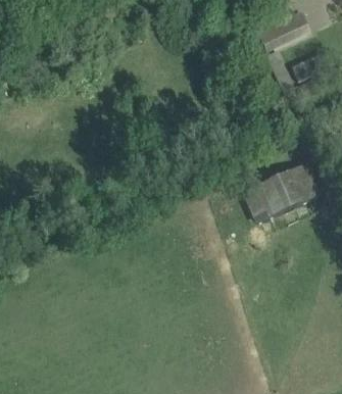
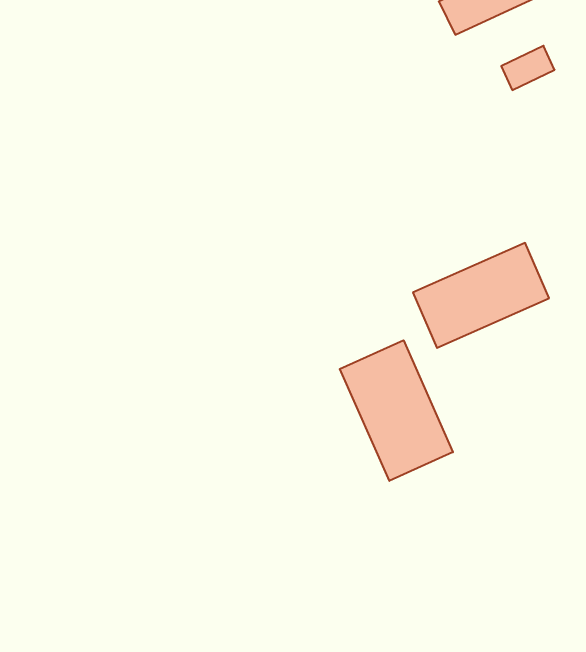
building: none -> [340,340,453,481]

